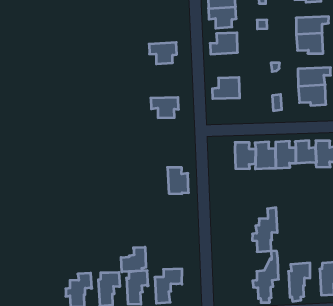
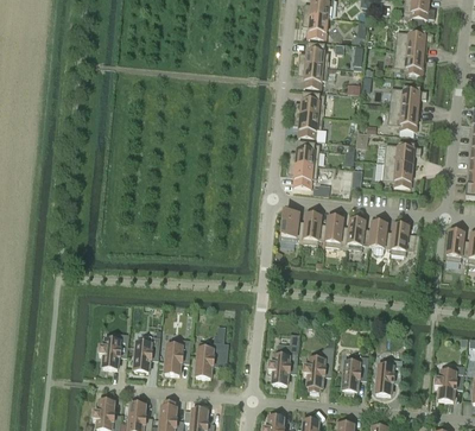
building: [149,42,177,64] -> [292,113,323,137]
building: [151,97,179,118] -> [287,161,318,186]
building: [167,167,189,194] -> [281,210,305,241]
building: [252,208,277,252] -> [268,337,299,384]
building: [121,247,146,272] -> none

